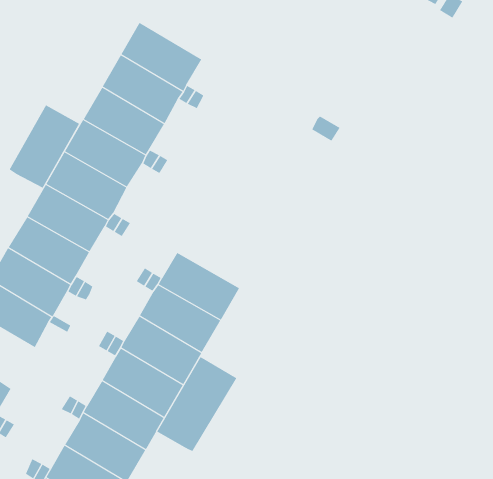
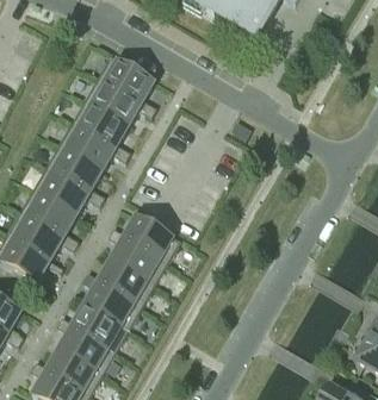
building: [9,105,80,189] -> none
building: [157,356,237,452] -> none

